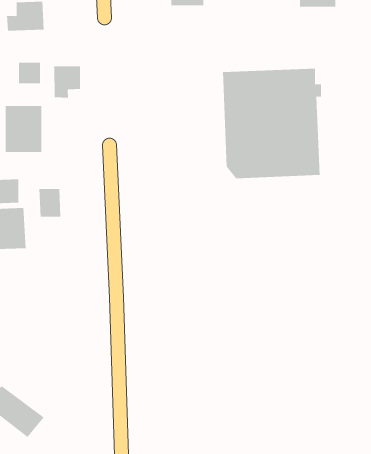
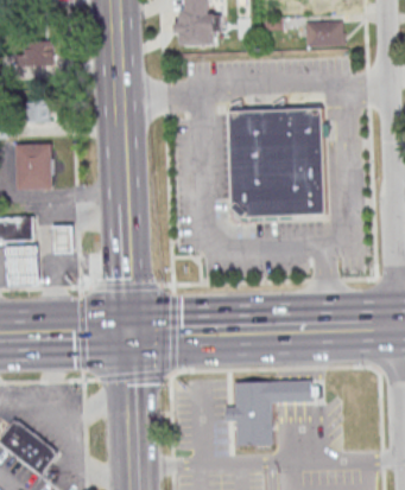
building: [54,66,81,98] -> none
building: none -> [230,378,310,444]

